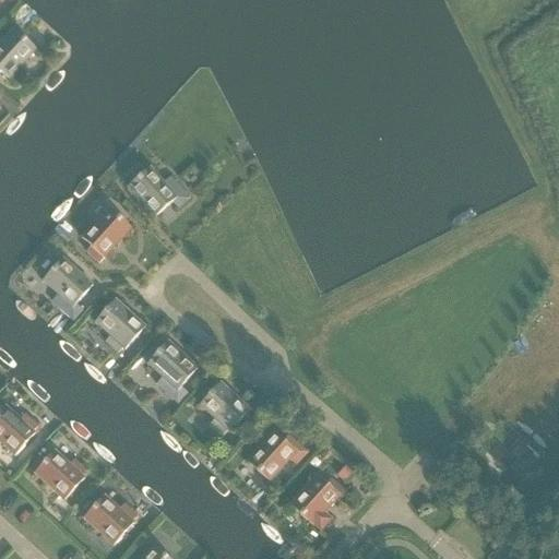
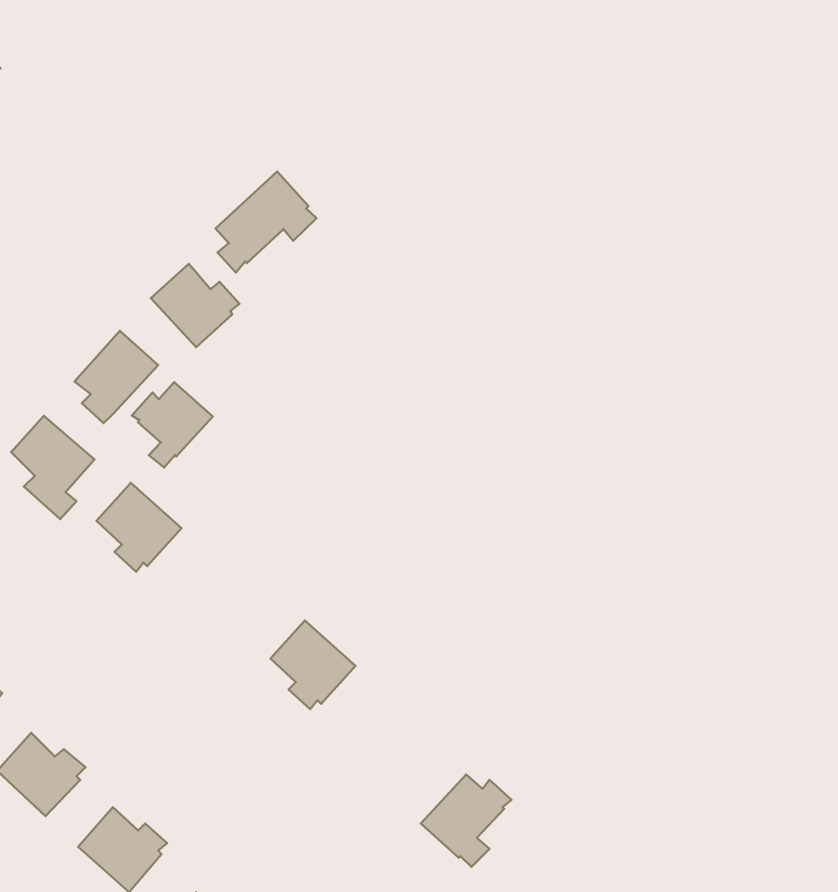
building: none -> [216,172,316,272]
building: none -> [132,382,213,467]
building: [147,338,199,402] -> none
building: [248,429,307,480] -> none

